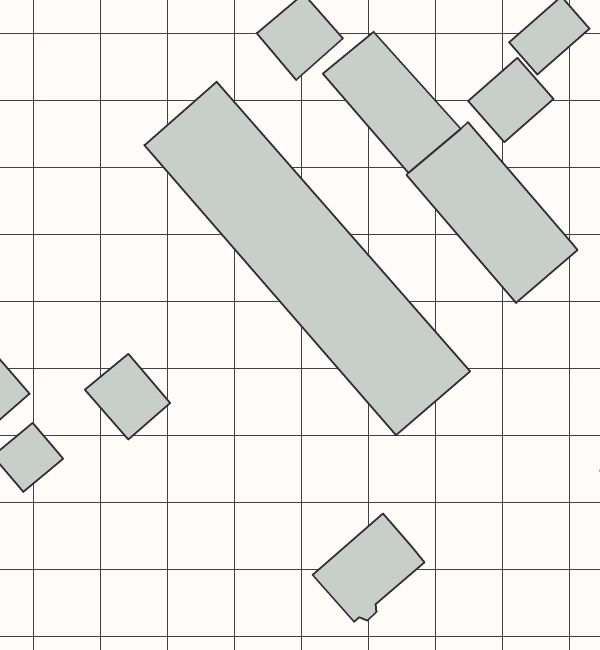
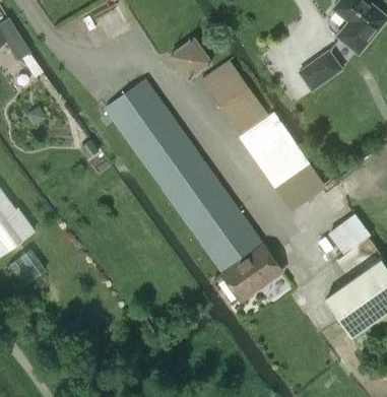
building: [468,58,553,142] -> none
building: [85,354,170,439] -> none
building: [313,514,424,622] -> [224,245,283,300]

